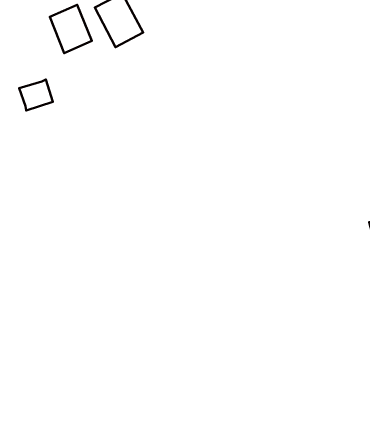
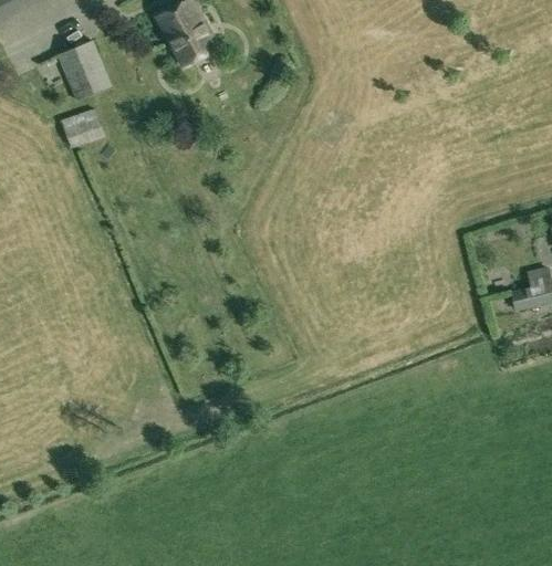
building: [50,5,92,53] -> [58,39,112,101]

